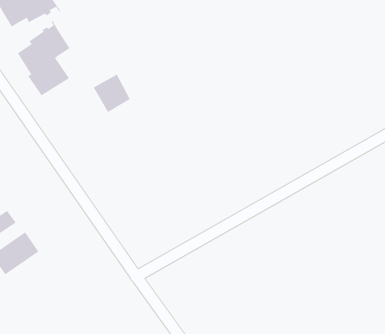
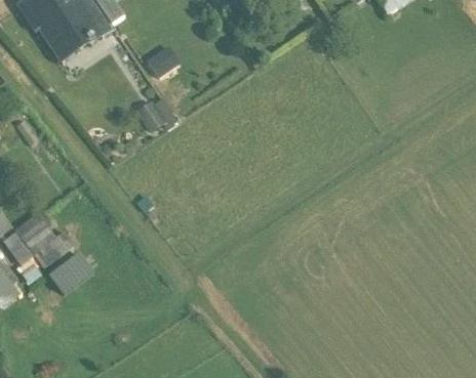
building: [17,20,70,96] -> none

